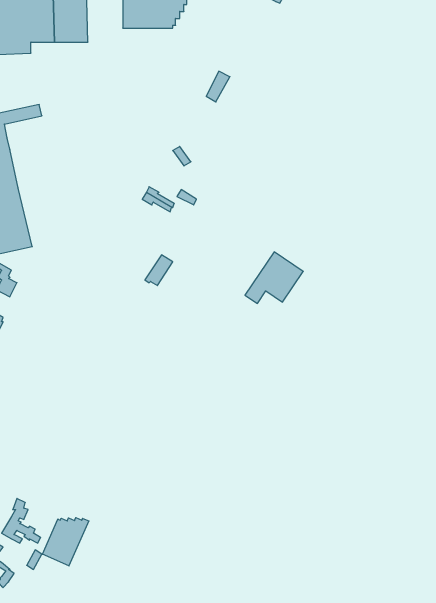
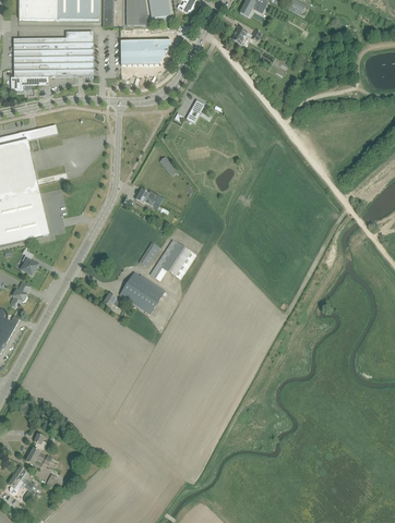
building: [245,252,303,303] -> [149,239,195,279]
building: none -> [103,270,166,312]
building: [42,518,89,566] -> none

